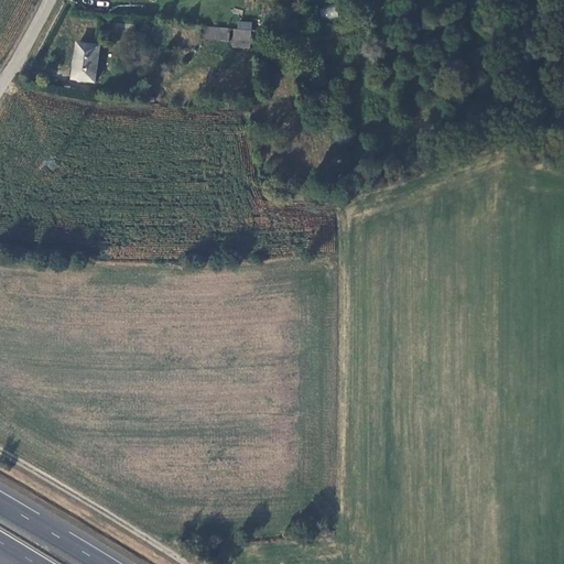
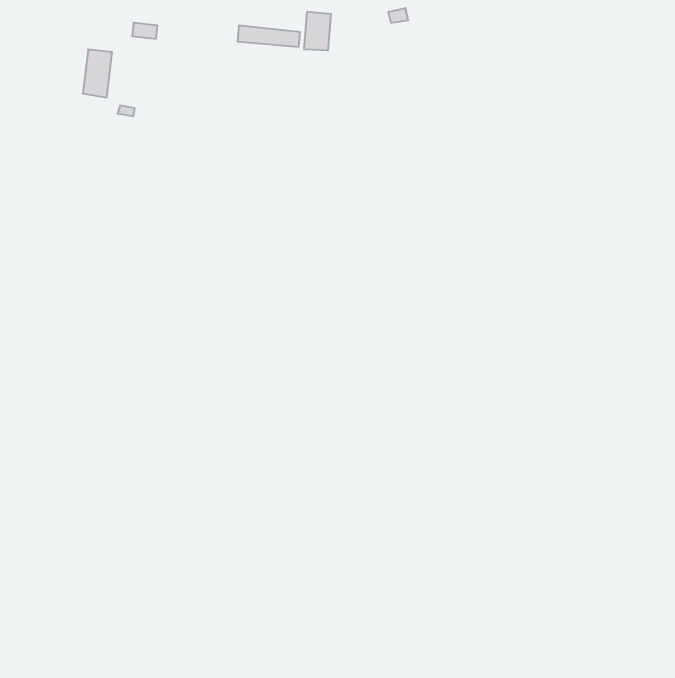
building: none -> [304,12,331,51]

